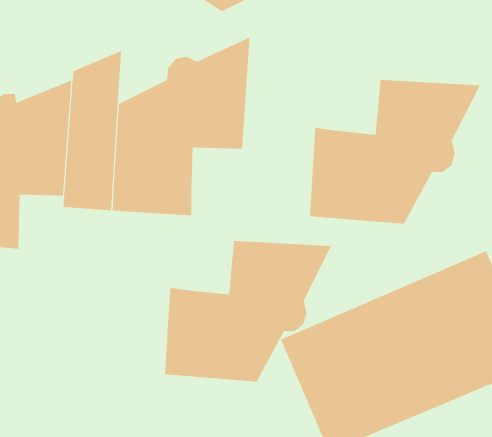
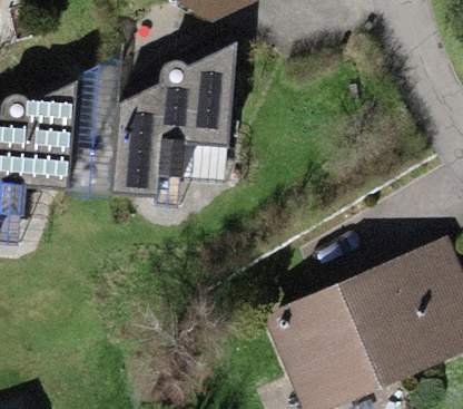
building: [309,79,481,225] -> none
building: [164,240,332,382] -> none

